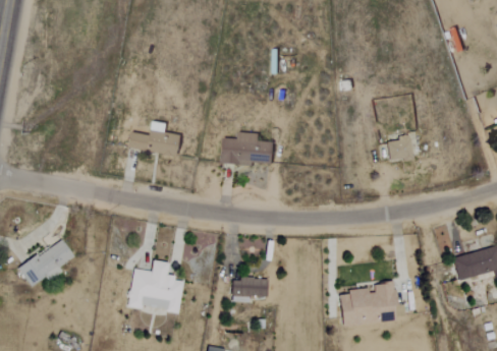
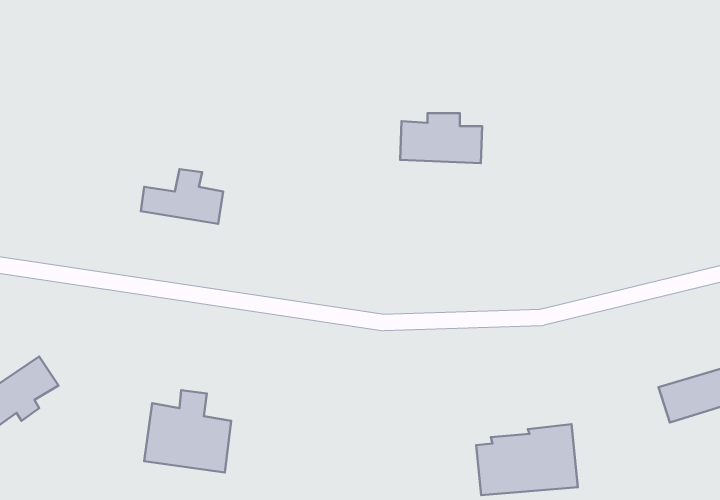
building: [219,133,271,165] -> [400,113,482,163]
building: [388,137,413,161] -> none
building: [232,278,268,301] -> none

